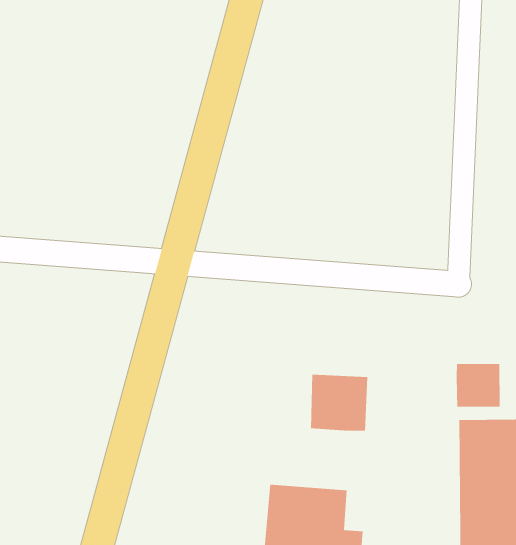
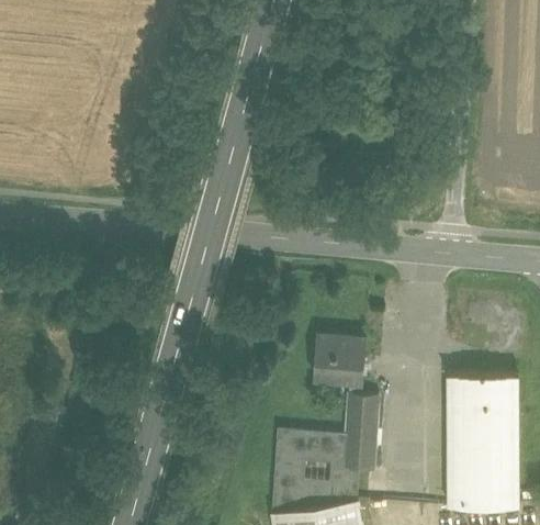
building: [456,363,500,408] -> none
building: none -> [344,387,380,476]

